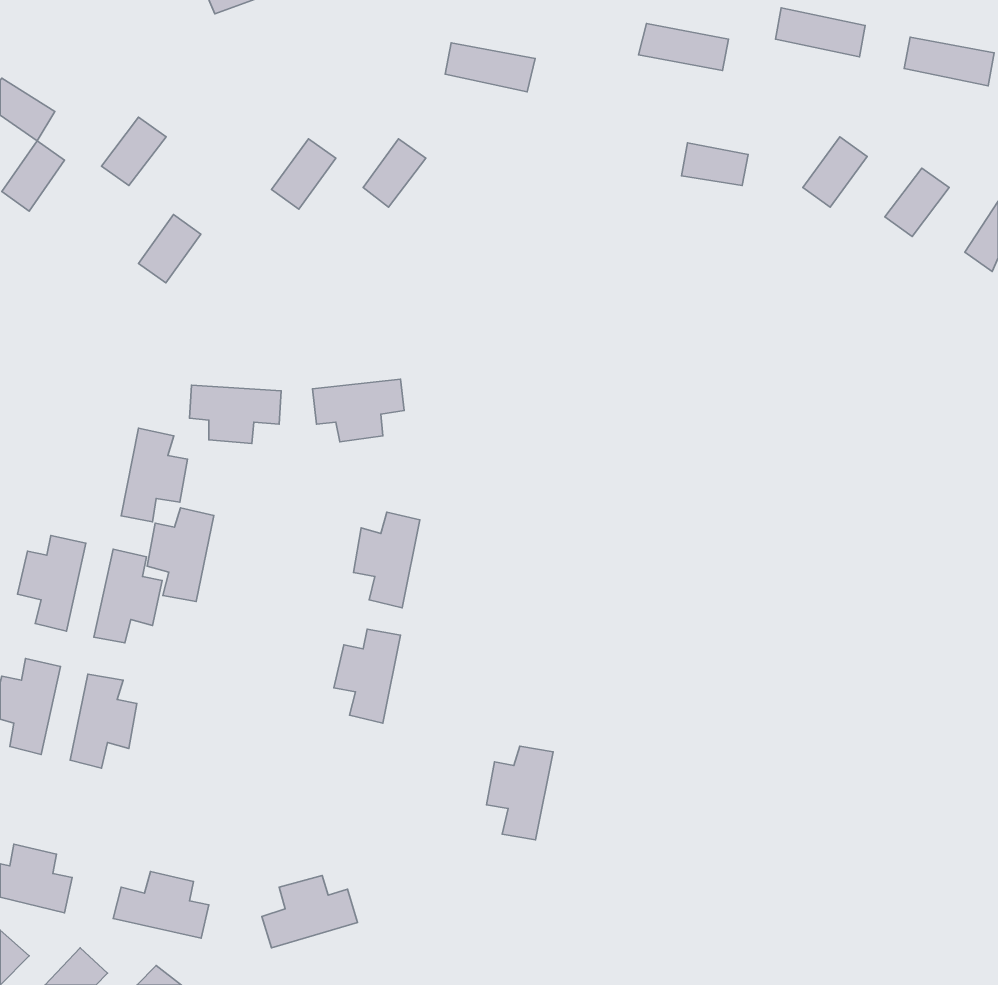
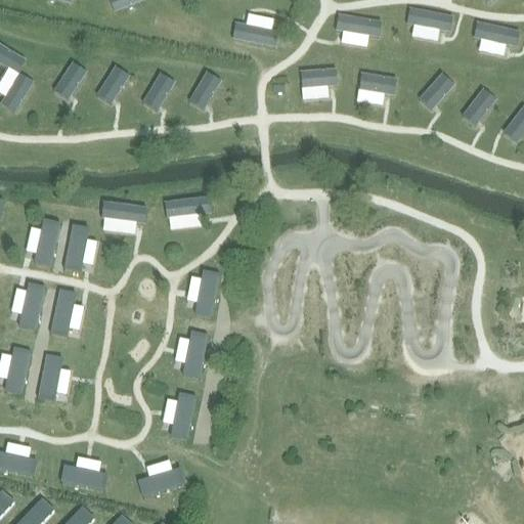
building: none -> [303,68,337,86]
building: [138,215,201,283] -> [97,68,130,103]
building: [147,508,214,601] -> [27,218,61,267]
building: [487,746,553,840] -> [162,392,196,441]

